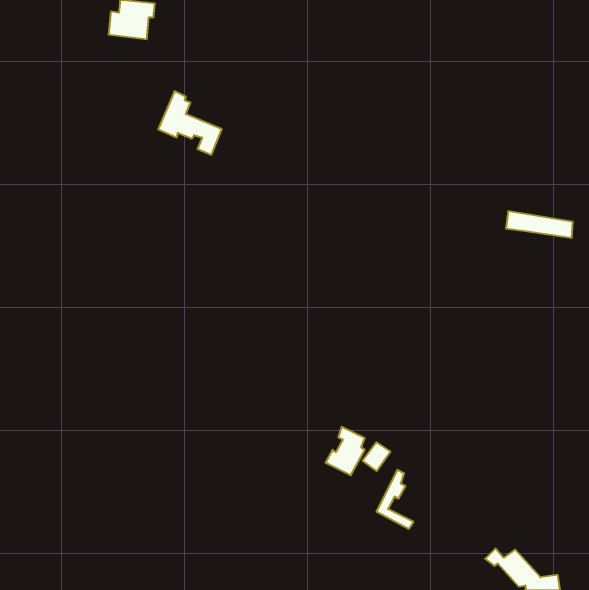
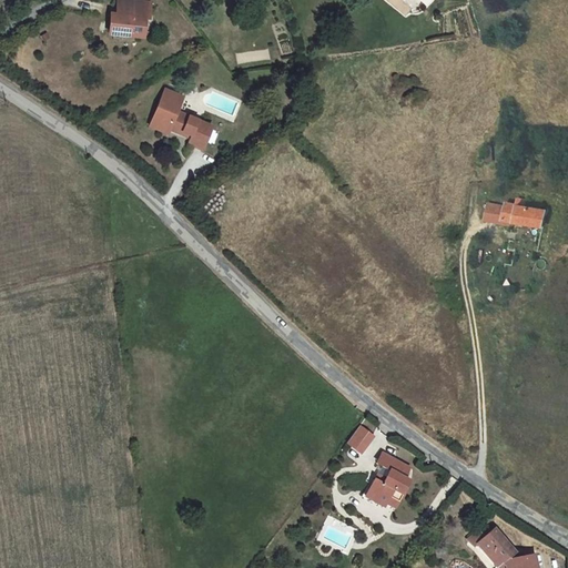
building: [325,427,365,475] -> [373,455,410,501]

